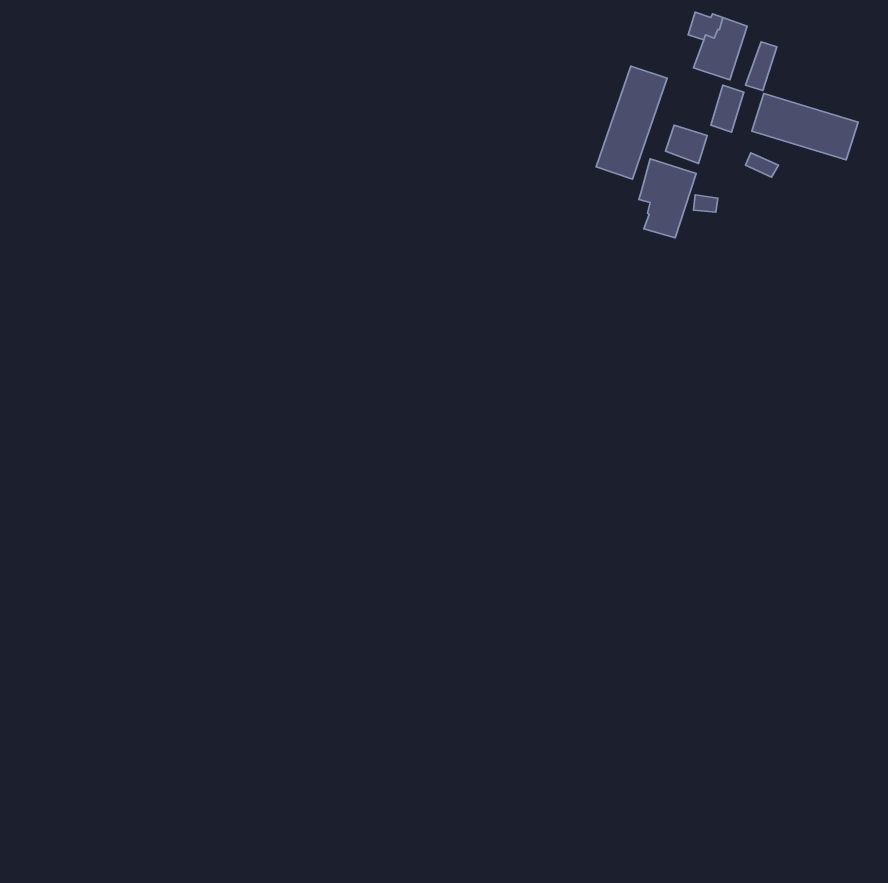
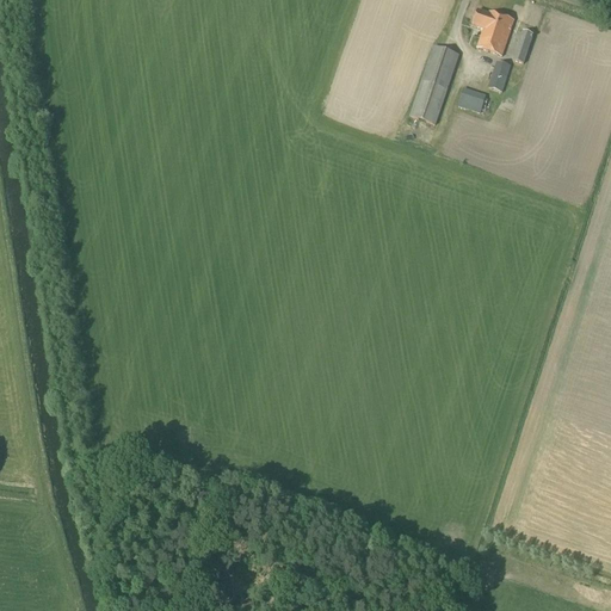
building: [752,94,858,160] -> none
building: [639,159,696,238] -> none

